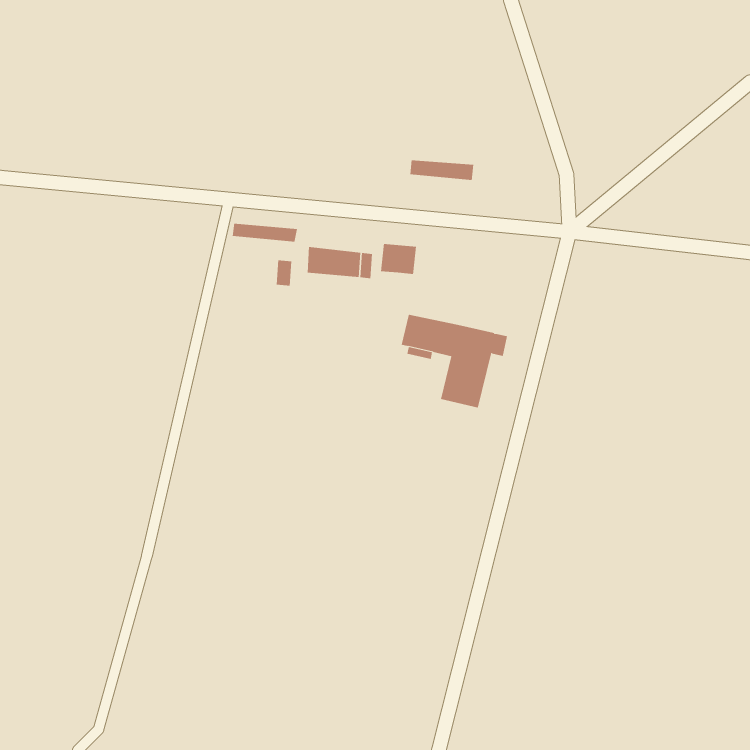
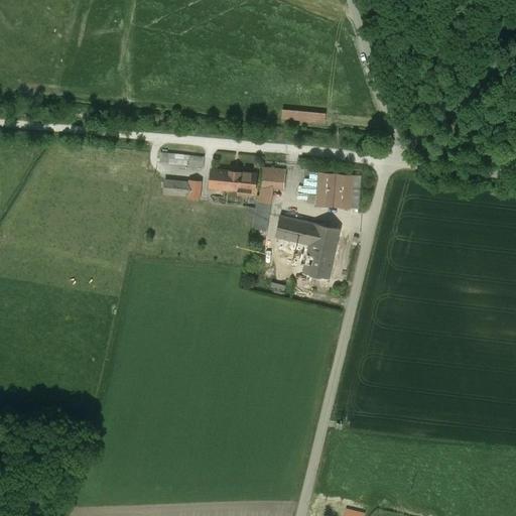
building: none -> [317,172,353,208]
building: none -> [163,179,190,197]
building: none -> [253,186,273,230]

